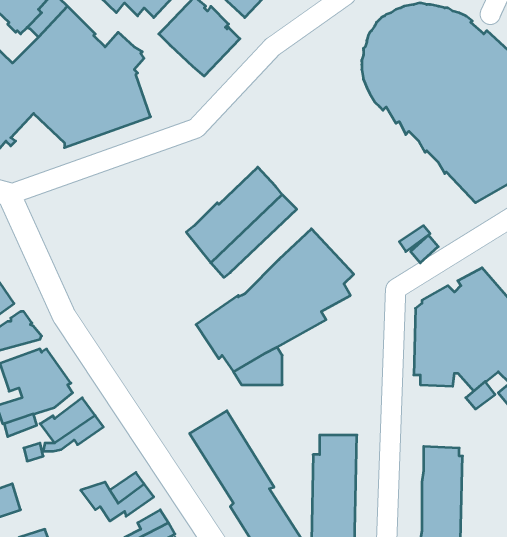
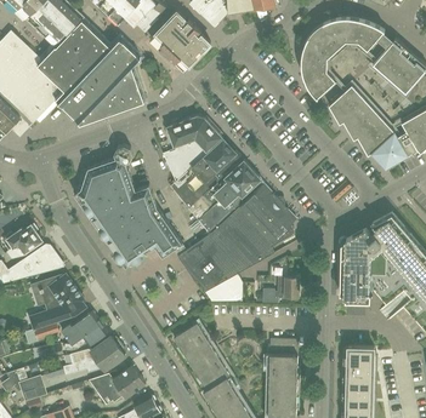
building: none -> [163,118,222,183]
building: none -> [74,145,182,268]
building: none -> [198,171,263,236]
building: none -> [262,279,299,304]
building: none -> [63,338,125,376]

